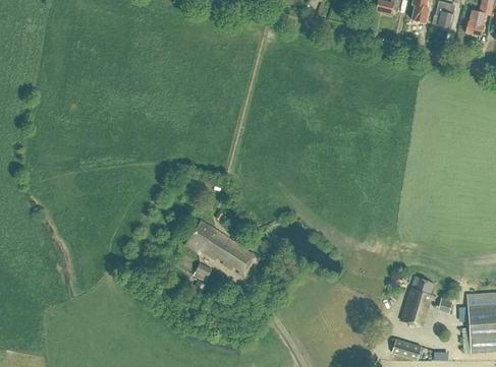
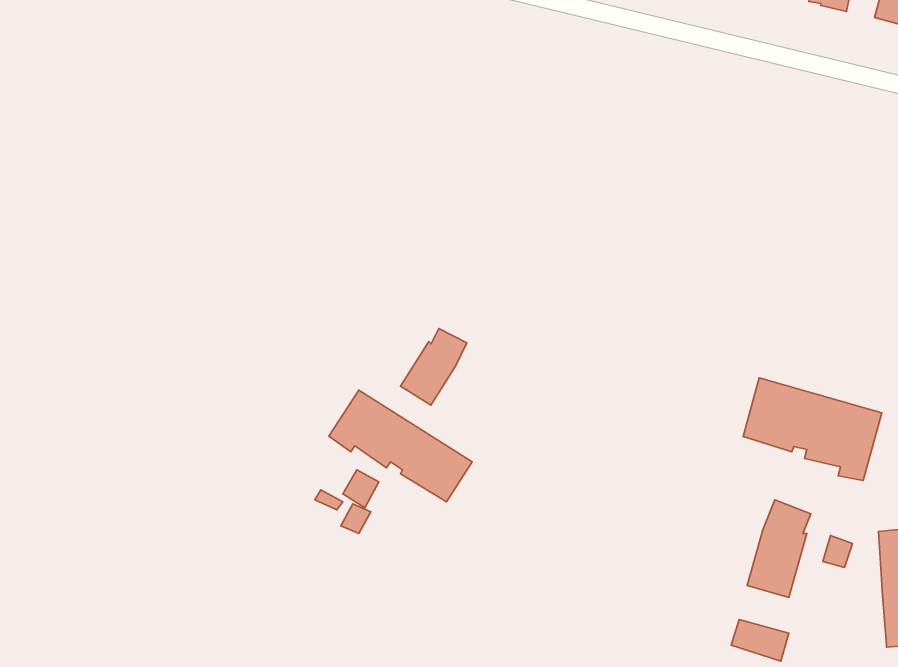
building: none -> [400,328,467,405]
building: none -> [743,378,882,481]

